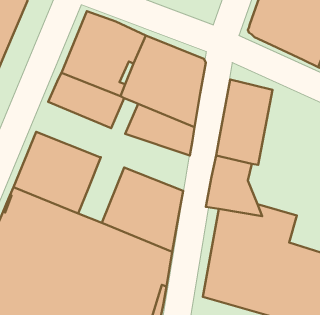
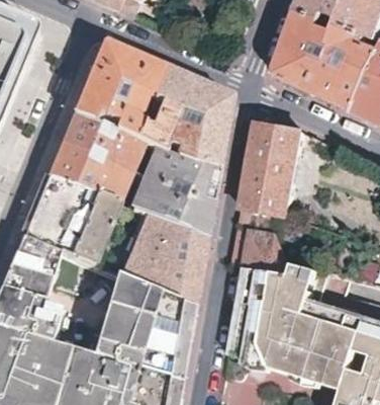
building: none -> [44,147,125,207]
building: none -> [127,181,210,243]

